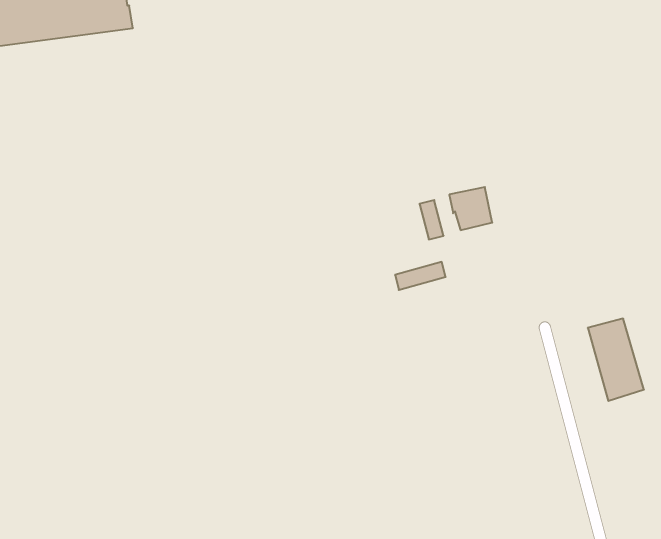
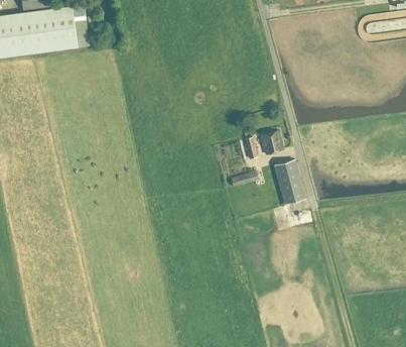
building: [588,319,644,401] -> [274,159,304,204]

